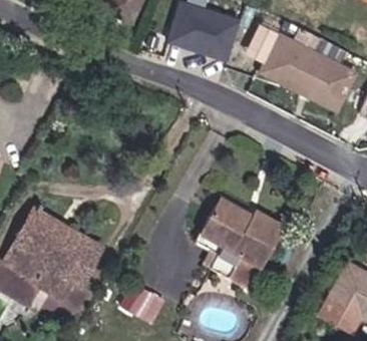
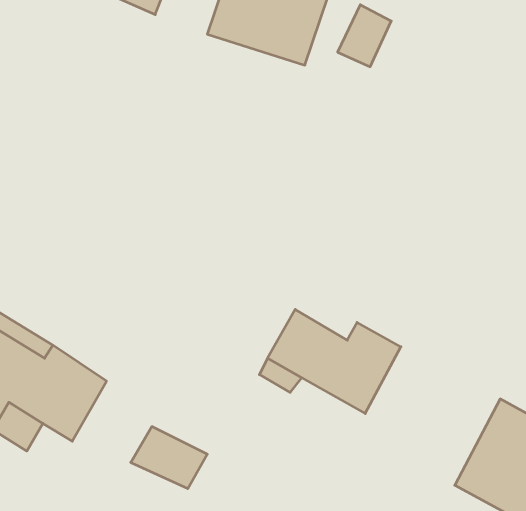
building: [264,43,354,105] -> none

